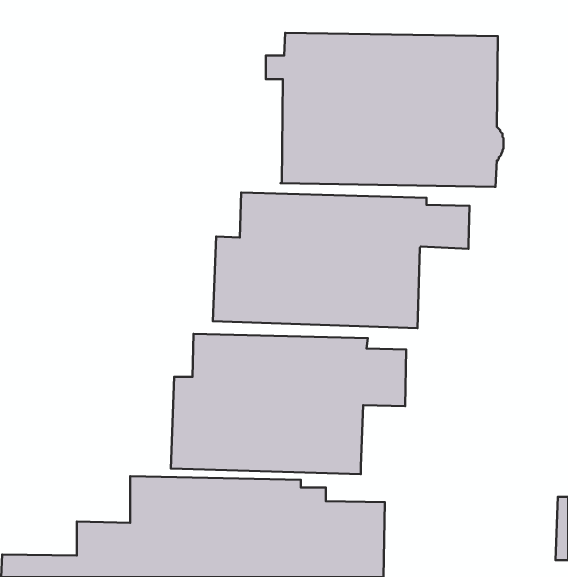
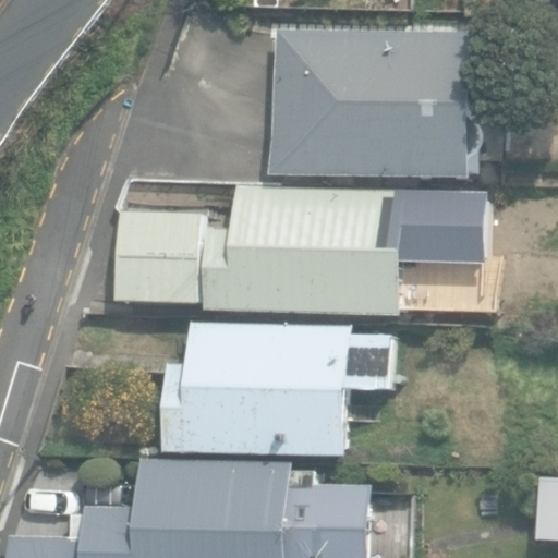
building: none -> [114,208,199,306]

